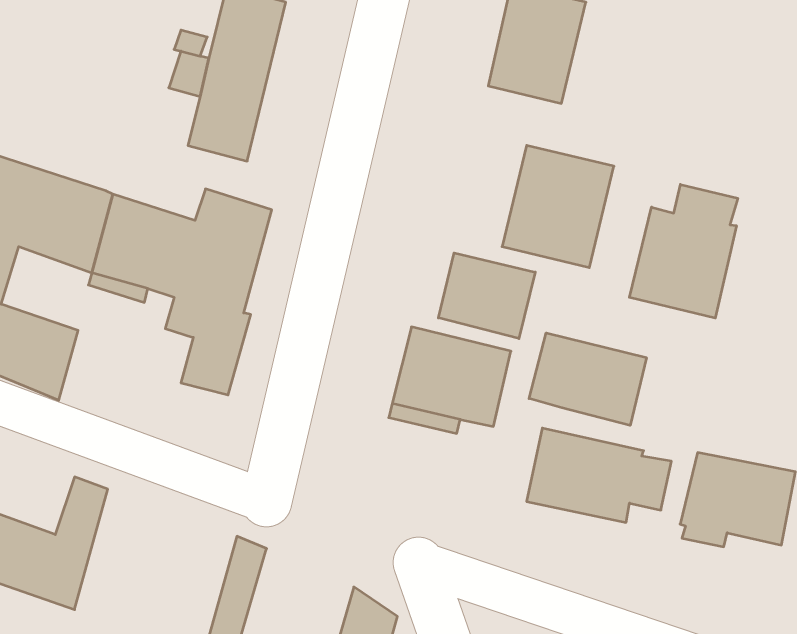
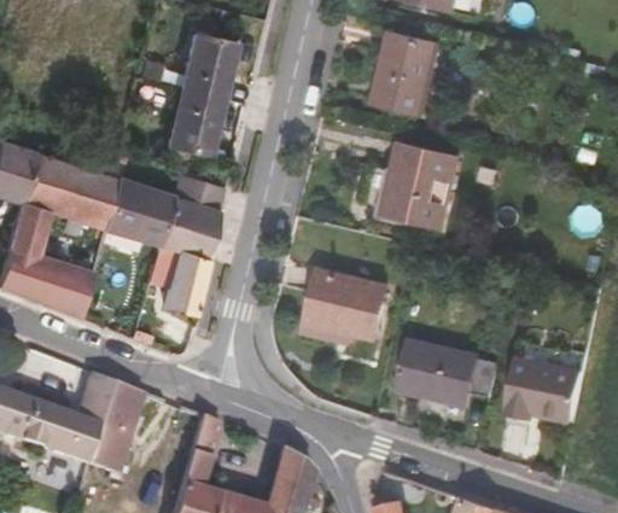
building: [629,184,738,318] -> none
building: [438,253,535,339] -> none
building: [529,333,646,425] -> none
building: none -> [88,381,145,474]

